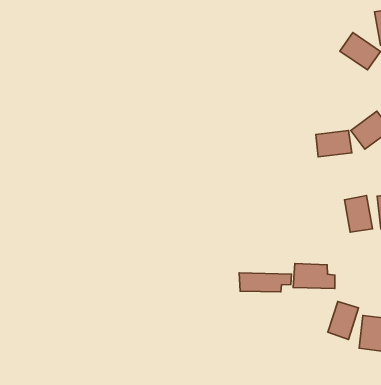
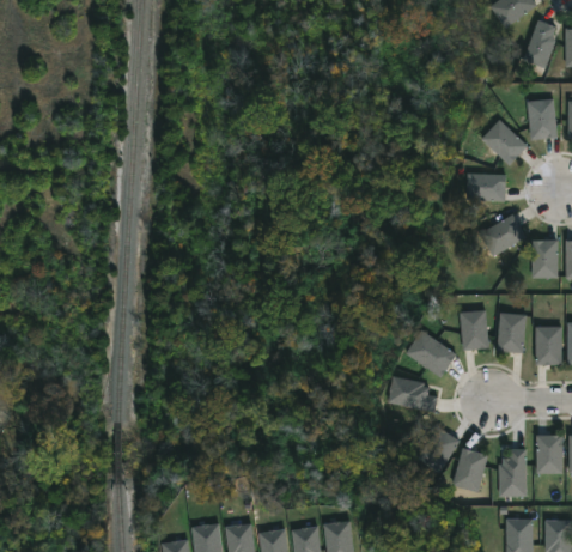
building: [316,131,352,157] -> [465,174,505,201]
building: none -> [406,332,456,376]
building: [239,273,292,292] -> none

